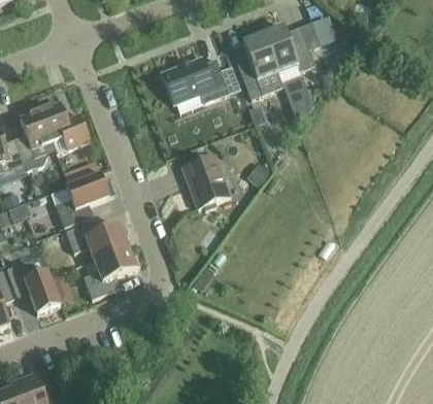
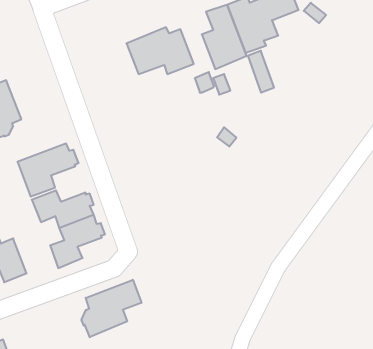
building: [39,101,89,153] -> none
building: [181,153,230,208] -> none
building: none -> [82,280,141,337]

